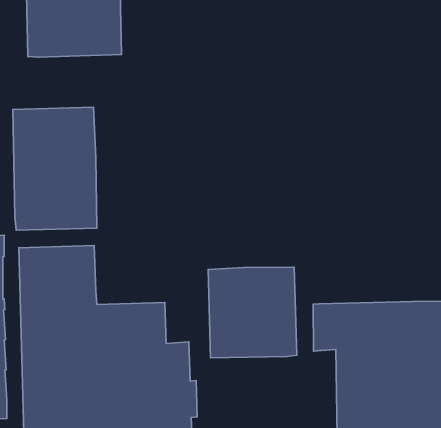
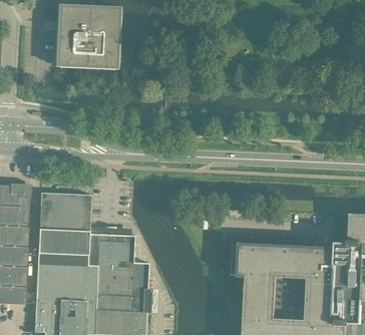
building: [13,107,97,230] -> none
building: [208,267,297,358] -> none

